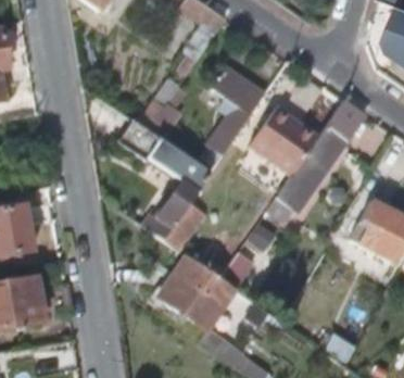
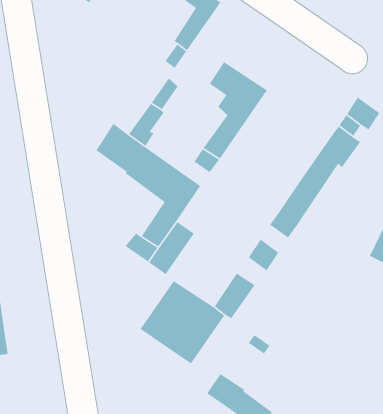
building: [251,105,318,172] -> none

